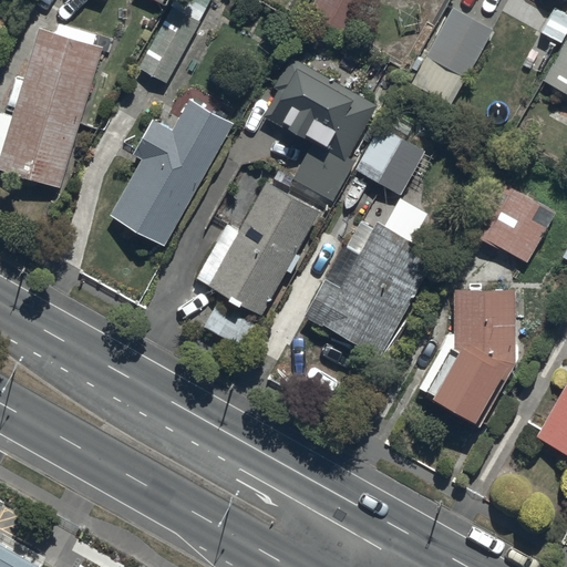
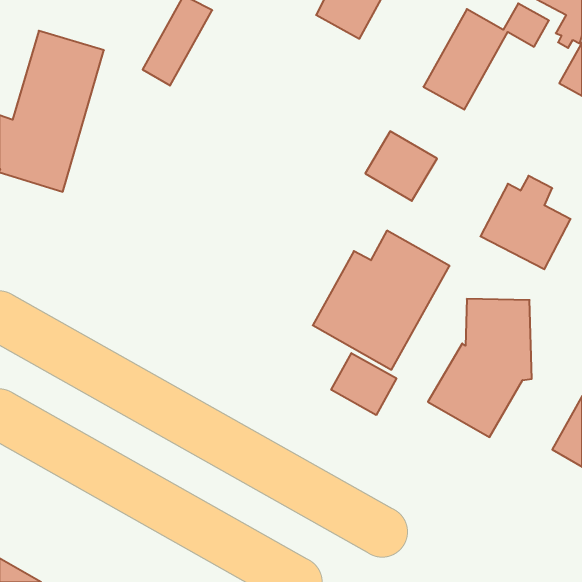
building: [264,56,377,202] -> none
building: [110,97,233,245] -> none
building: [196,182,319,313] -> none
building: none -> [331,353,396,415]

